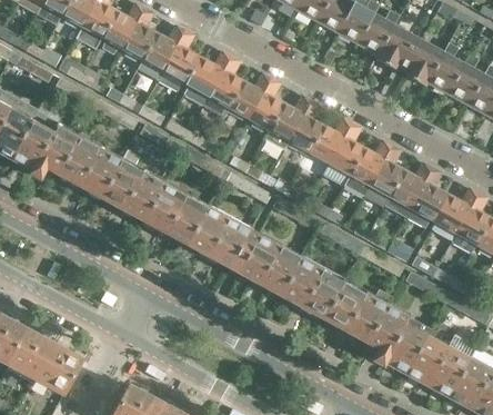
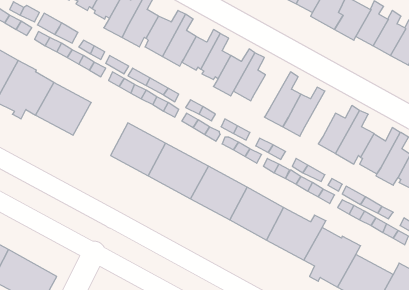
building: [308,118,351,165] -> none
building: [368,145,403,198] -> none
building: [100,149,163,219] -> none

